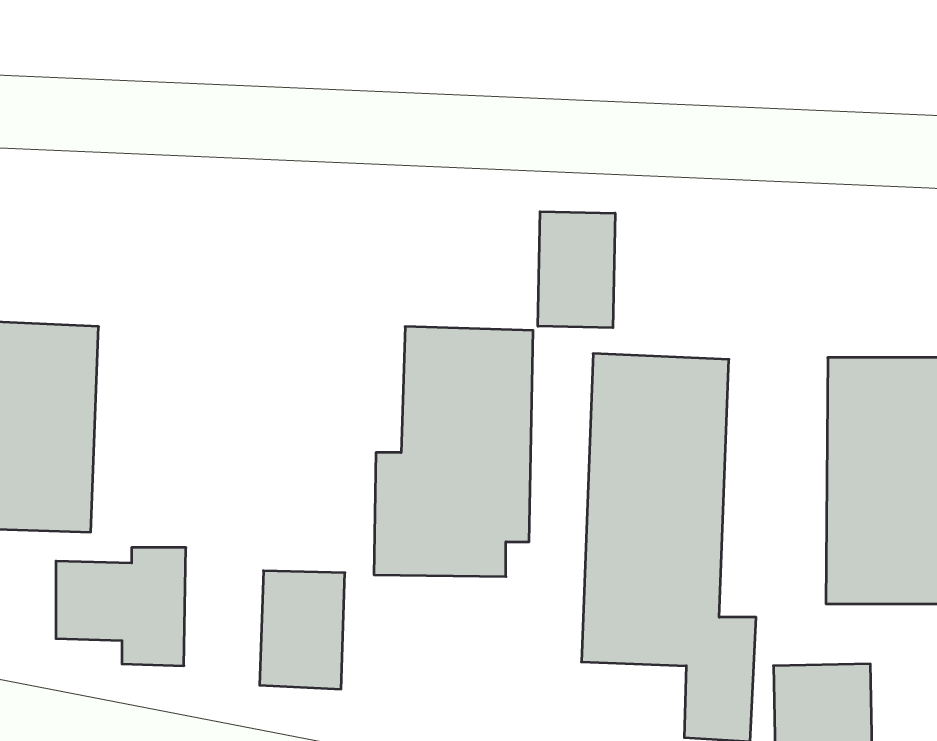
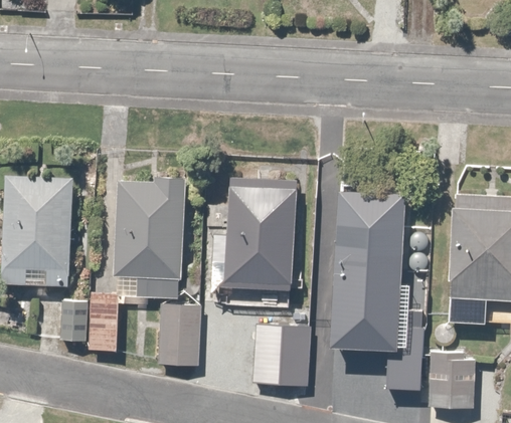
building: [538,212,615,328] -> none
building: none -> [119,178,184,294]
building: none -> [252,322,309,386]

